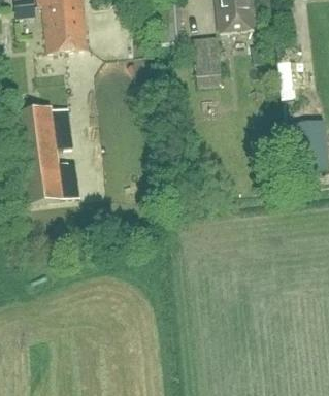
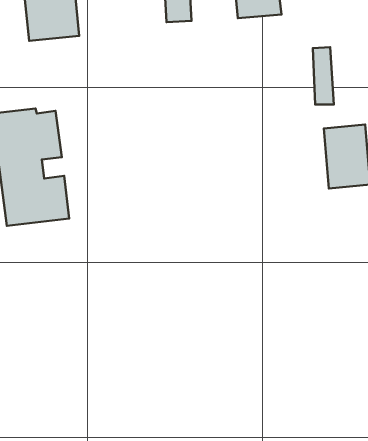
building: [193,36,221,75] -> none

